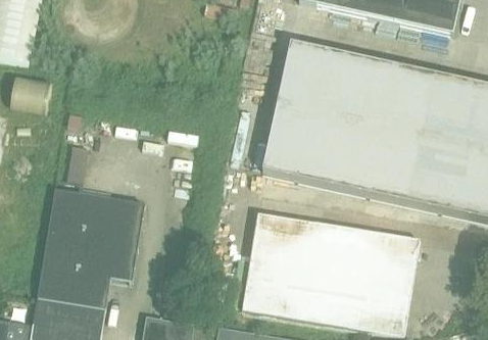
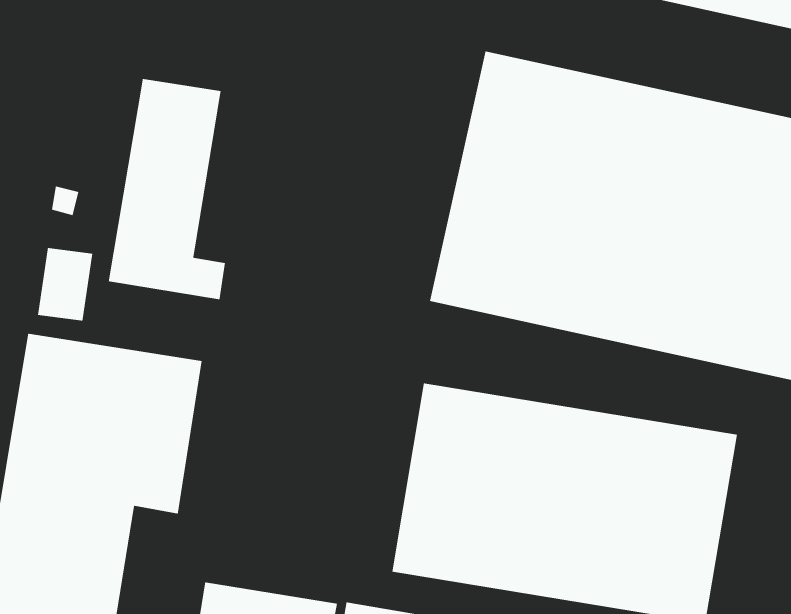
building: none -> [108,78,226,300]

